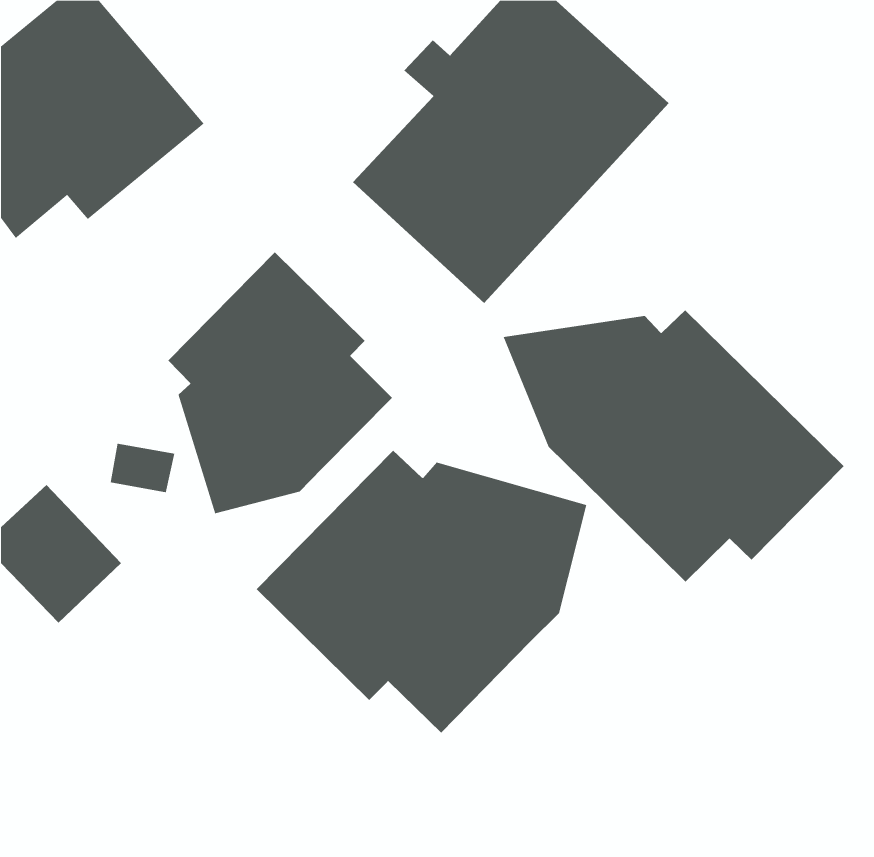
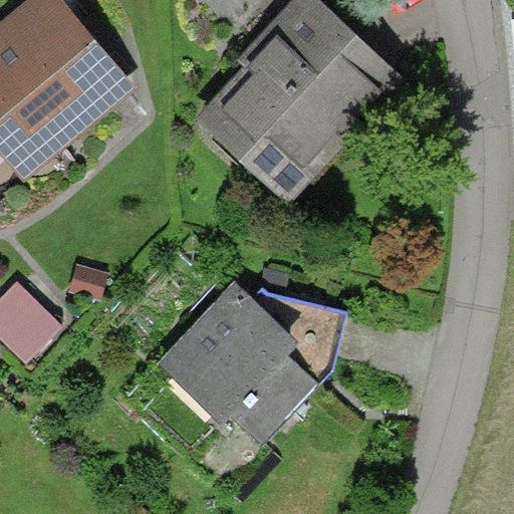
building: [167,251,393,514] -> none
building: [503,309,845,583] -> none

